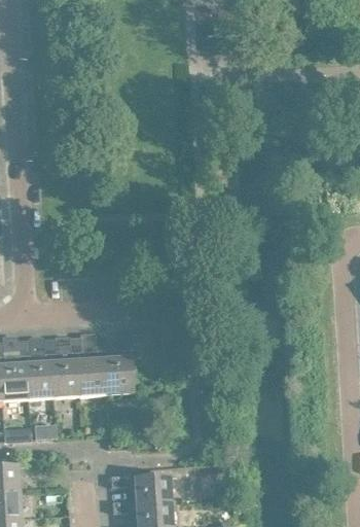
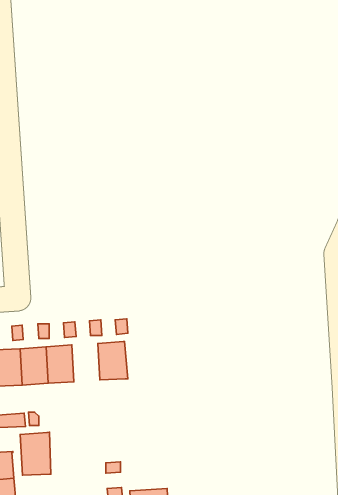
building: [77,357,105,395] -> none
building: none -> [20,432,51,475]
building: [133,475,172,503] -> none

